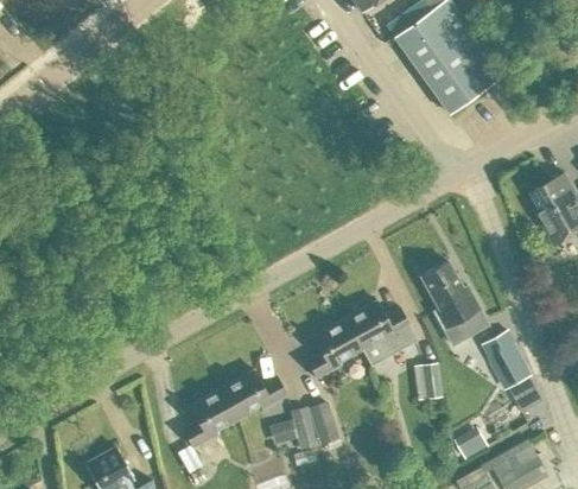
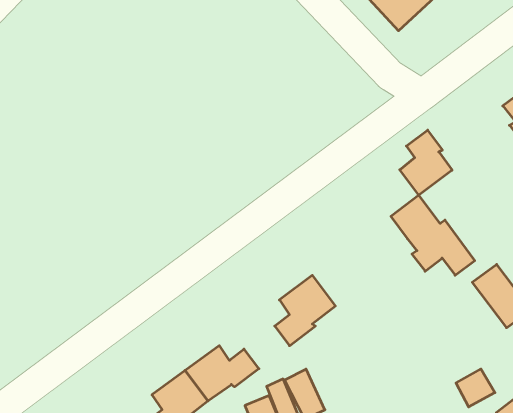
building: none -> [400,130,452,195]
building: [344,301,418,357] -> none
building: [413,364,442,401] -> none

